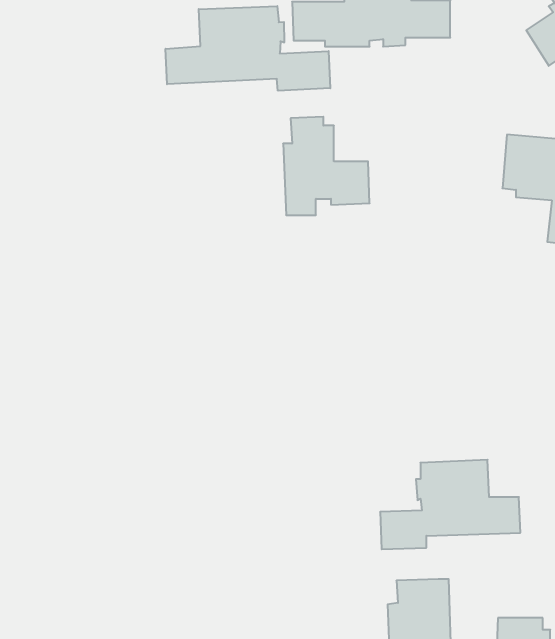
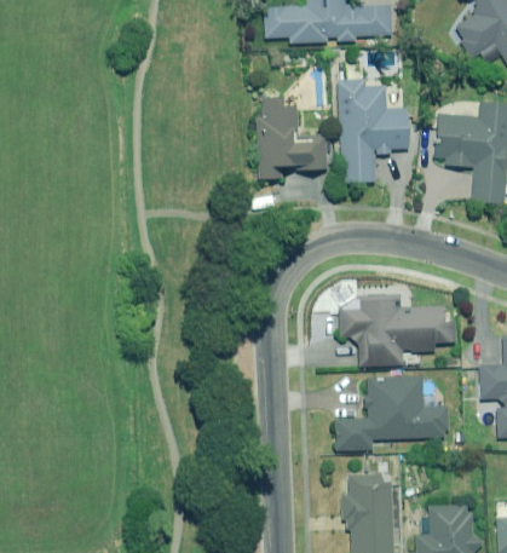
building: [166,6,330,91] -> none
building: none -> [339,81,409,182]
building: none -> [339,299,453,365]

